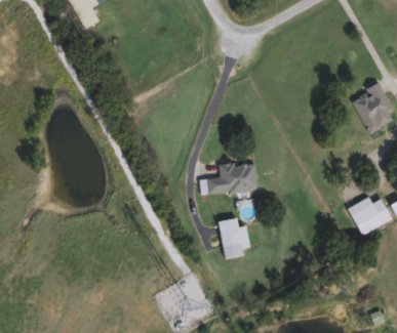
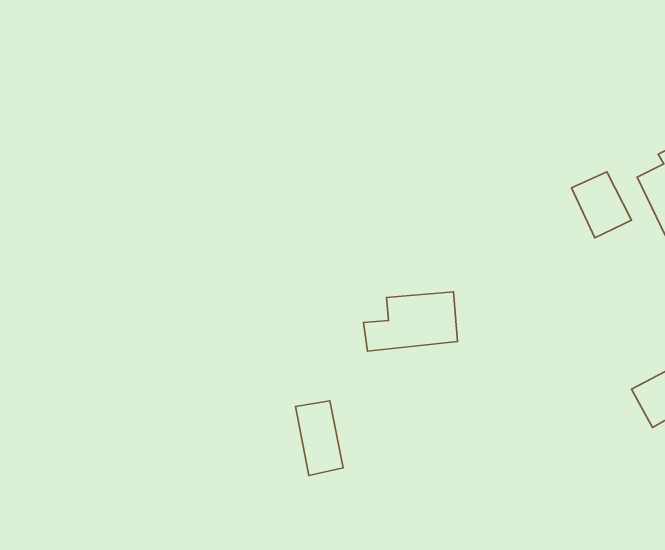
building: none -> [571,172,631,238]
building: [217,218,243,258] -> [295,401,343,475]

